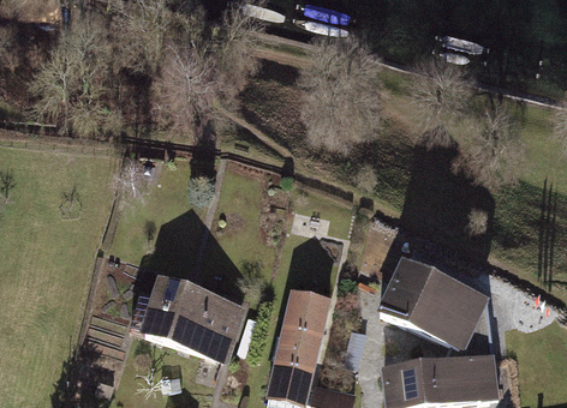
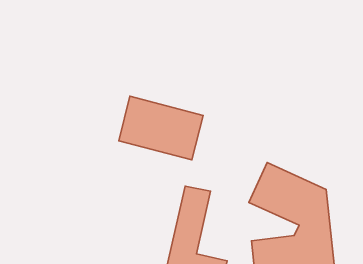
building: [125,282,241,370] -> [119,96,203,160]

